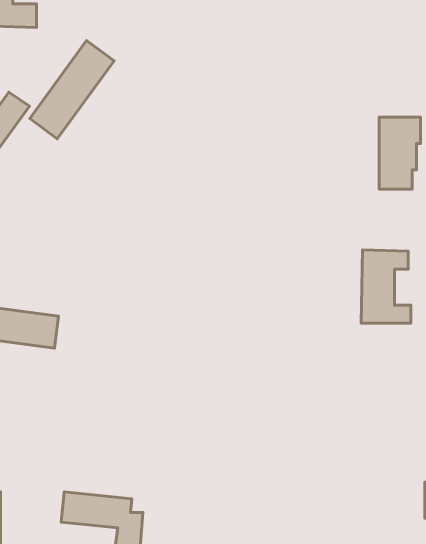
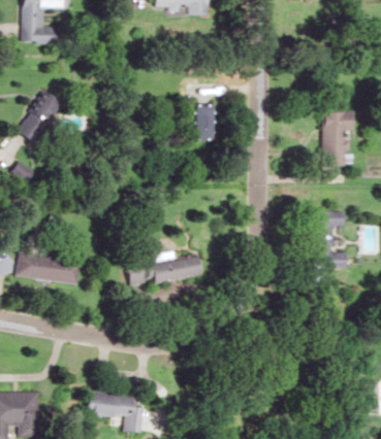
building: [30,41,114,139] -> none
building: none -> [193,105,215,140]
building: none -> [129,254,203,286]

